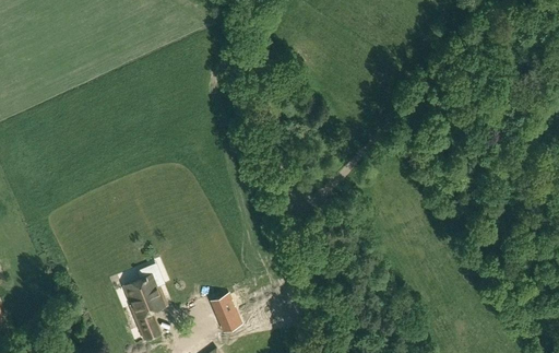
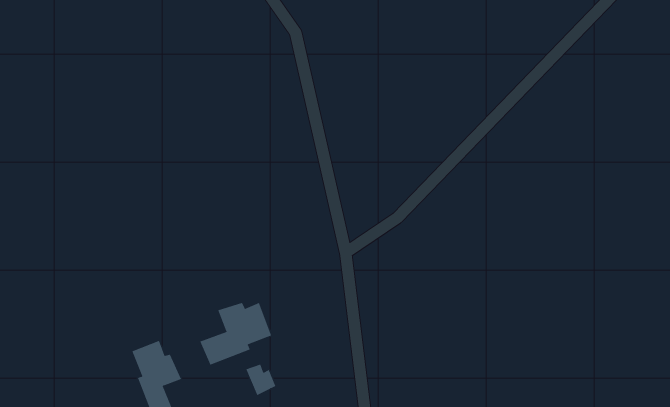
building: none -> [200,302,272,365]

